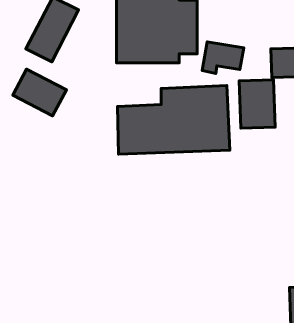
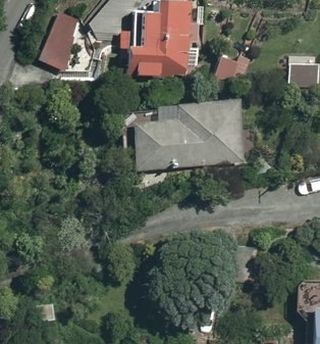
building: [13,69,66,116] -> none
building: [239,80,275,128] -> none

